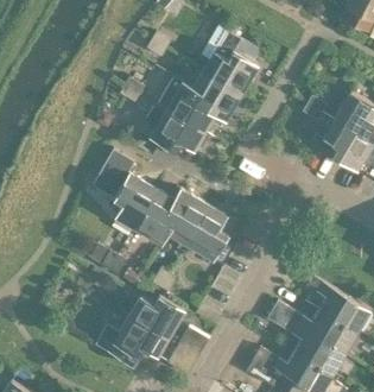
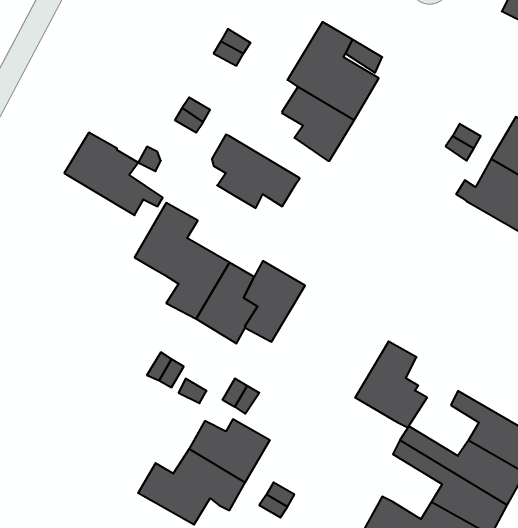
building: [158,77,224,133] -> [64,133,163,215]
building: [186,206,235,264] -> [355,341,427,428]

